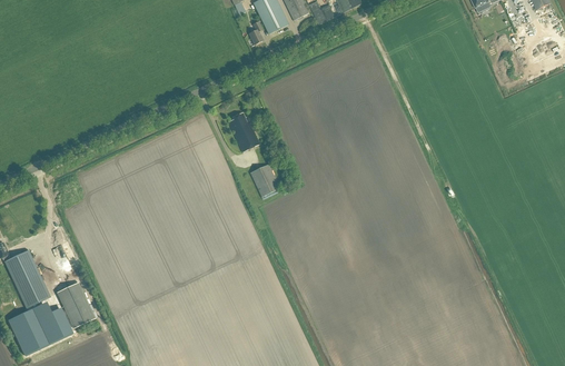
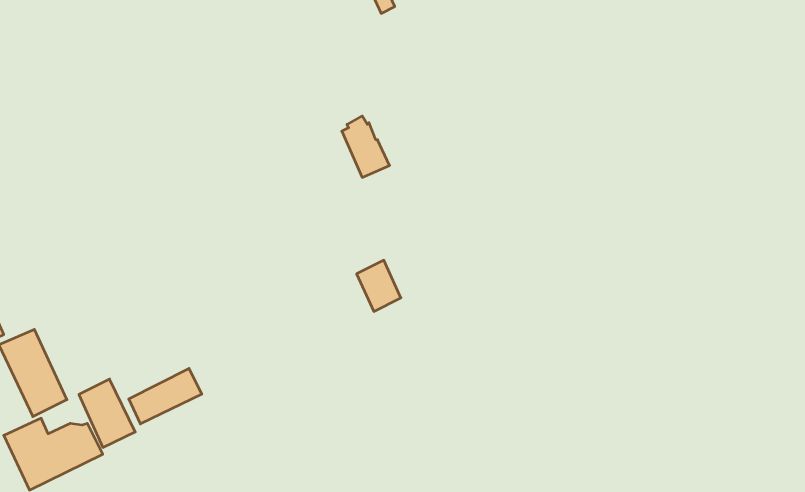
building: [250,162,279,196] -> [357,260,401,311]
building: none -> [129,368,202,424]

